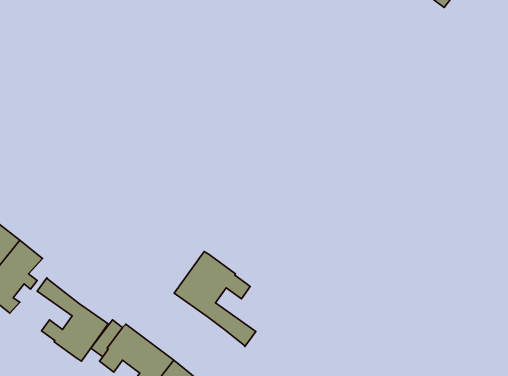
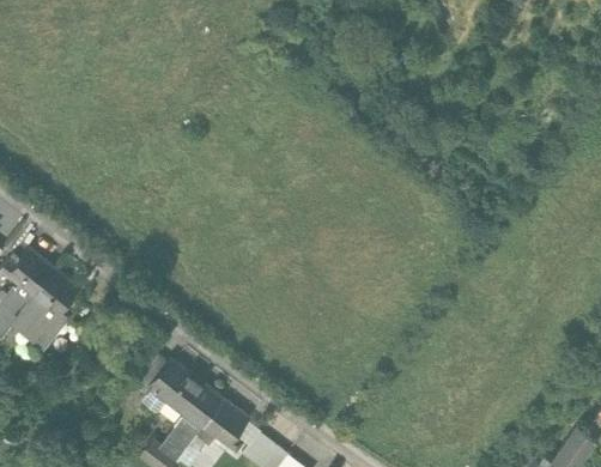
building: [174,251,256,346] -> none
building: [37,278,108,361] -> none

